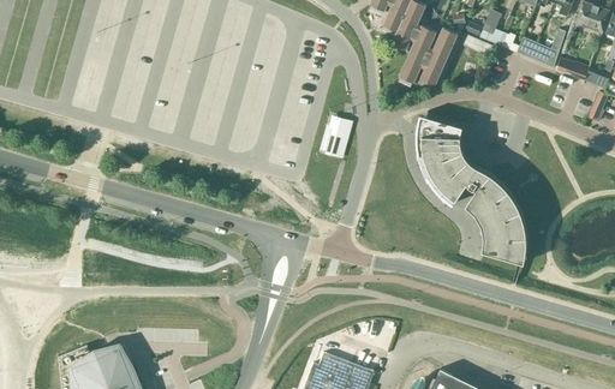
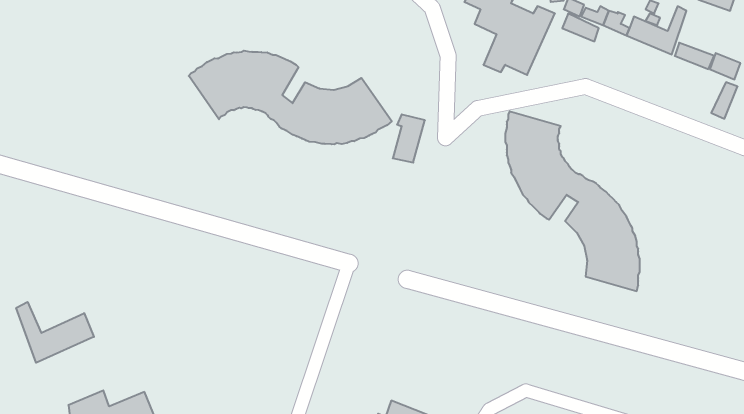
building: none -> [189,51,392,144]
building: none -> [16,302,94,363]

